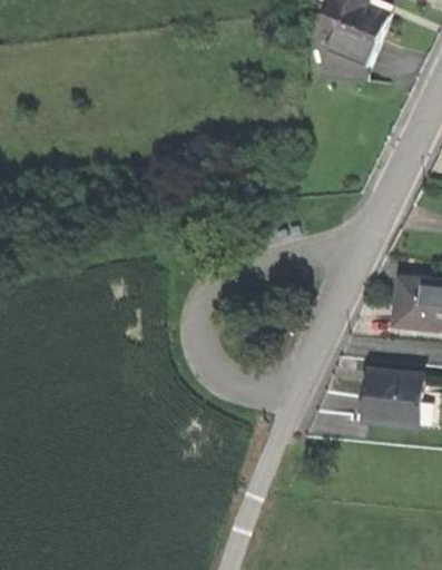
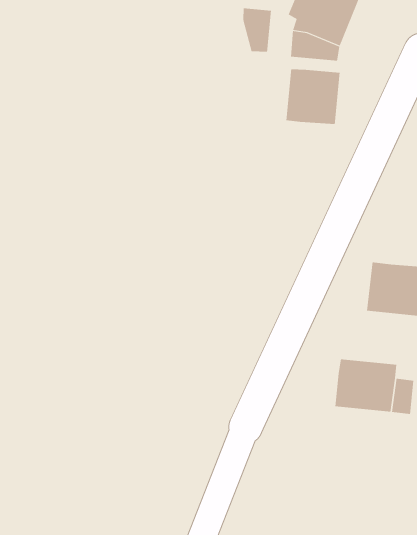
building: none -> [243,7,272,52]
building: none -> [286,68,340,125]

